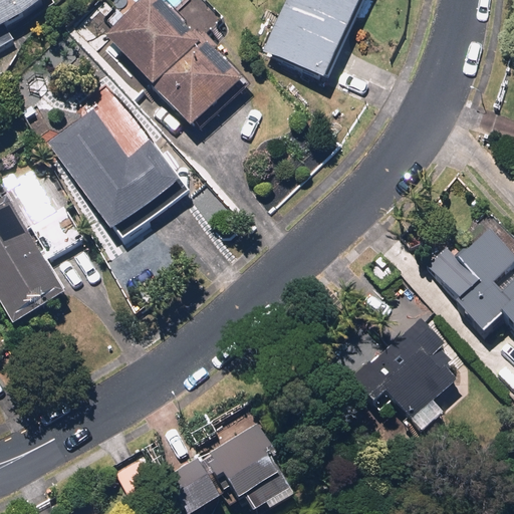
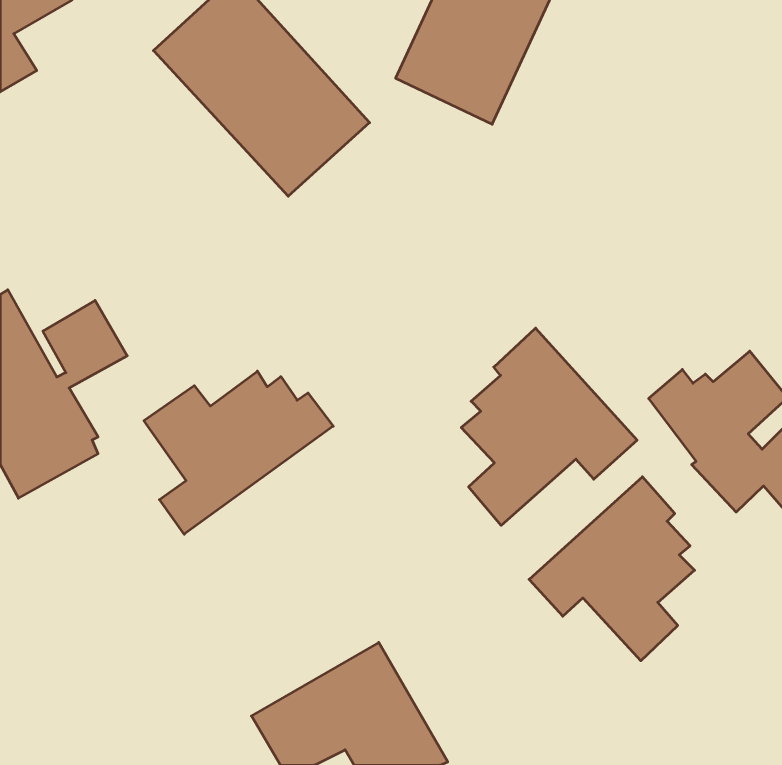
building: [46,86,190,238] -> none
building: none -> [461,328,637,525]
building: none -> [144,371,333,534]

